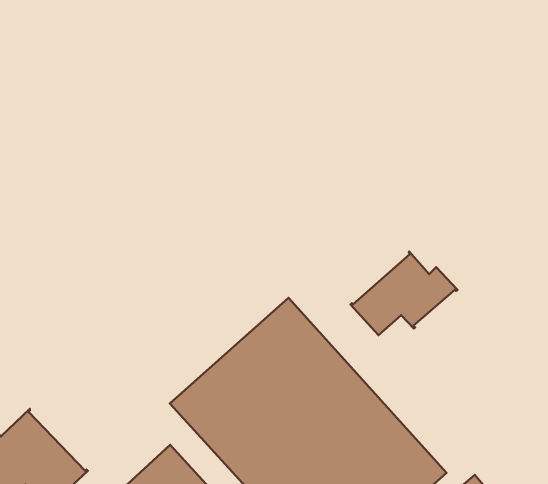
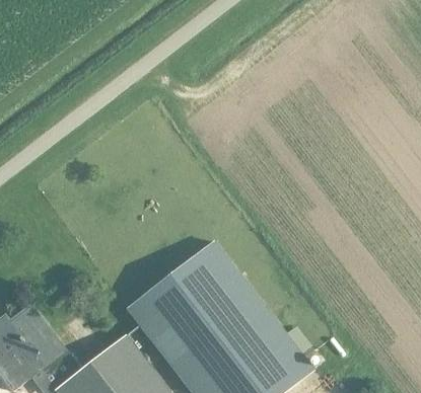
building: [350,252,458,335] -> none

